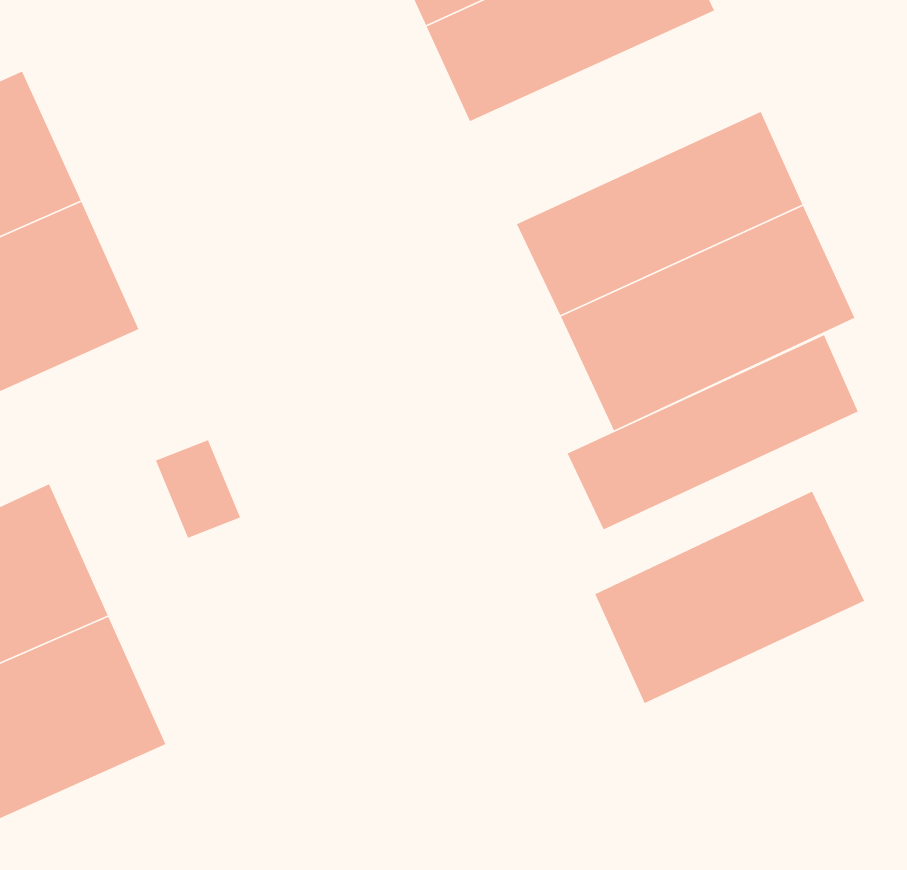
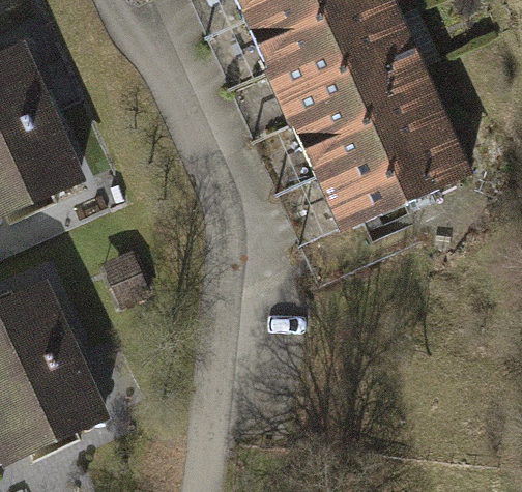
building: none -> [266,9,424,124]
building: [566,334,859,531] -> none
building: [594,491,865,704] -> none

